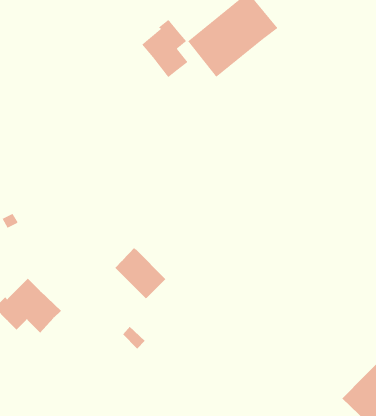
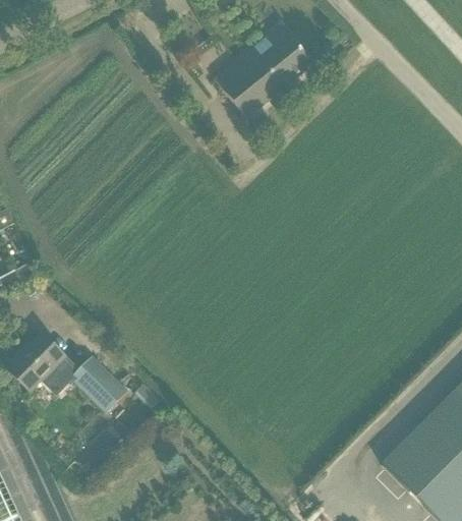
building: [141,19,189,78] -> none
building: [114,247,166,300] -> [71,355,127,412]

